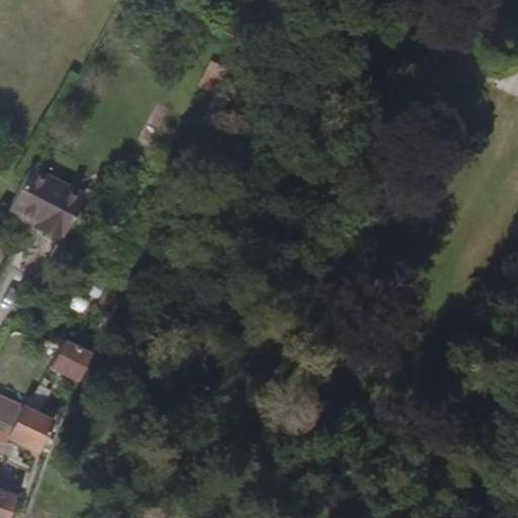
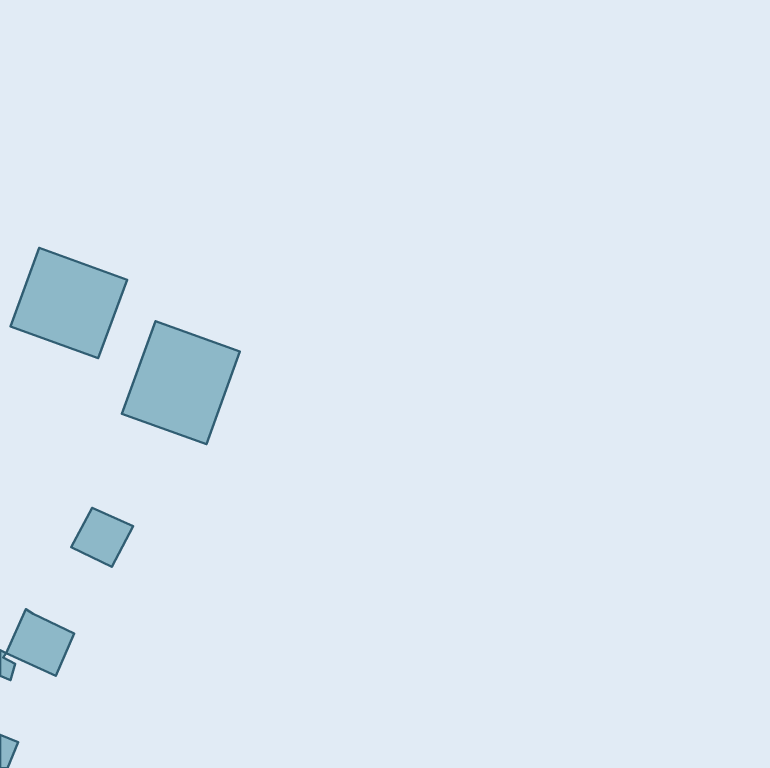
building: none -> [122,321,240,444]

